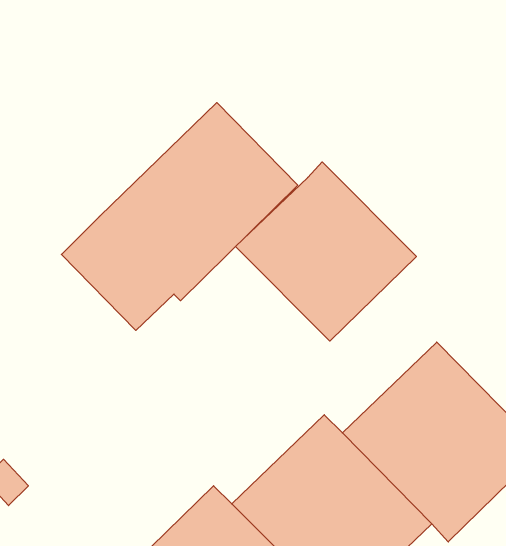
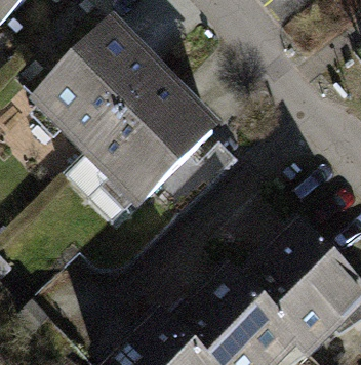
building: none -> [47,28,171,151]
building: [236,162,416,341] -> none

